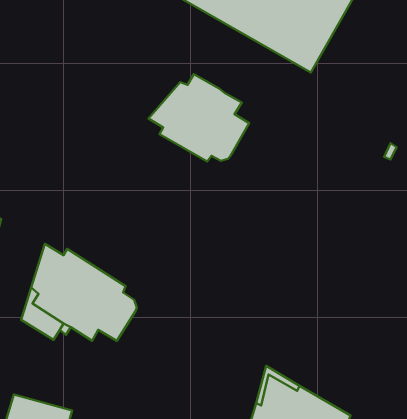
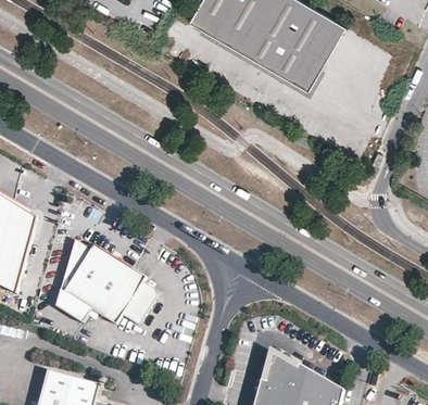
building: [149,74,249,162] -> none

